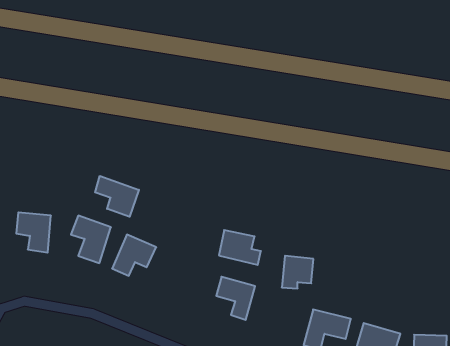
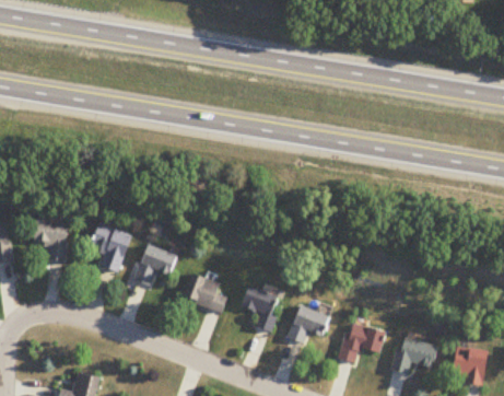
building: [95,176,139,217] -> none
building: [219,230,261,265] -> [185,276,228,312]
building: [282,256,313,288] -> [292,308,325,342]

